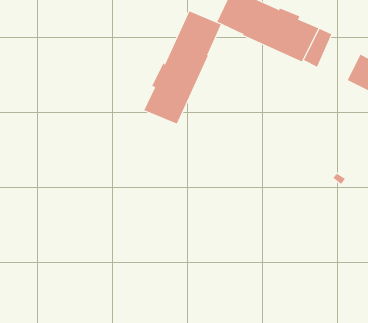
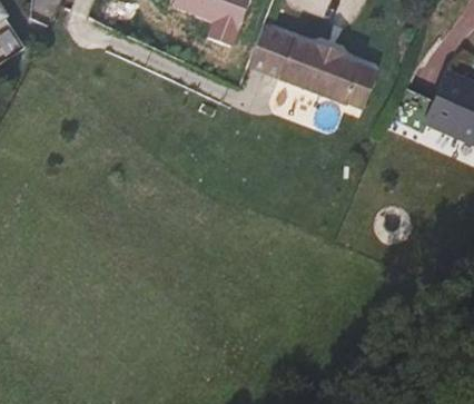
building: [143,10,221,124] -> none

